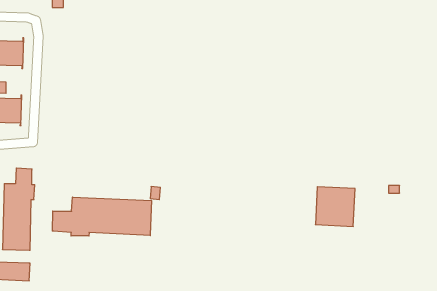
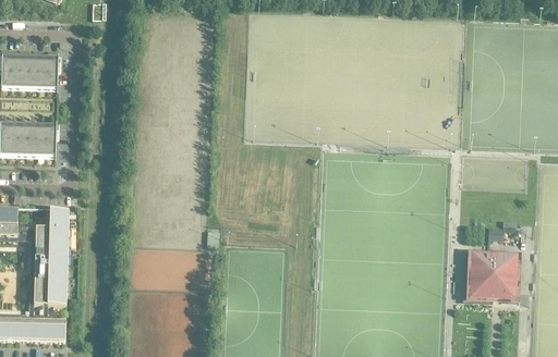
building: [315,187,355,226] -> [469,251,515,298]
building: [52,197,151,236] -> none

